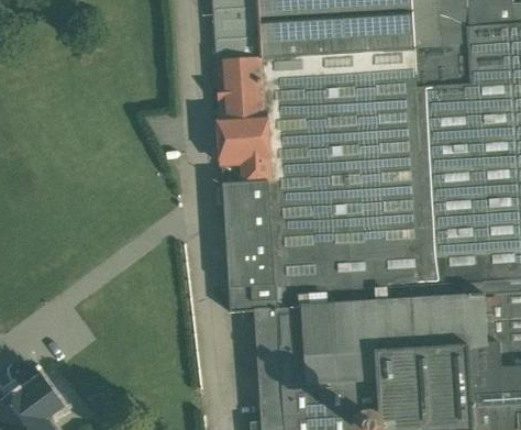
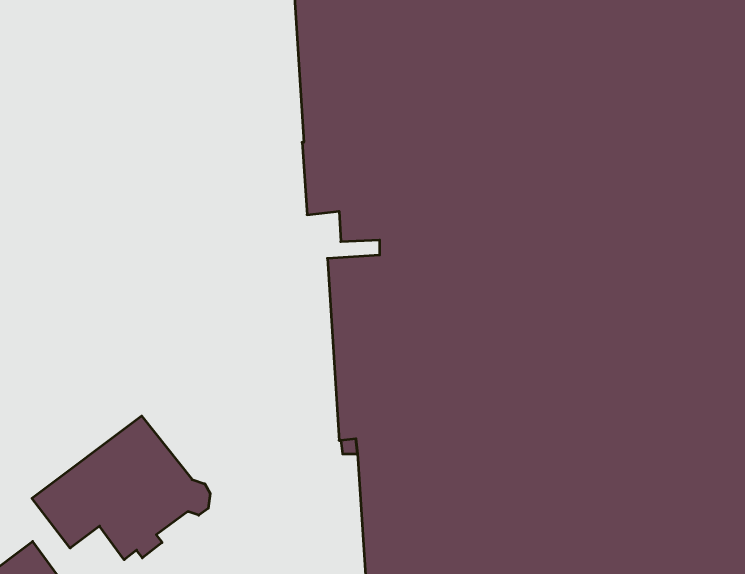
building: none -> [32,416,210,560]

